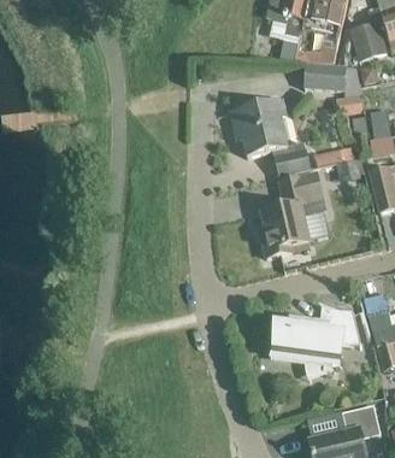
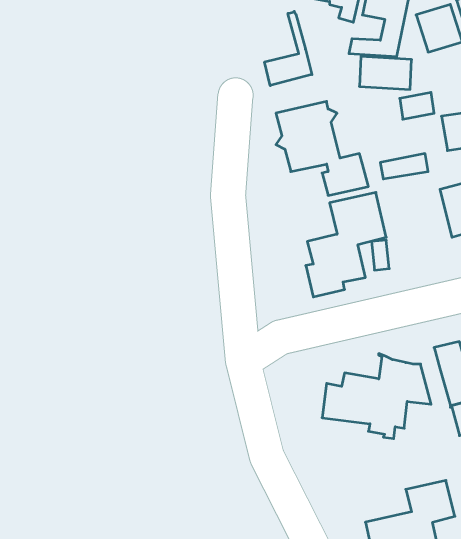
building: none -> [265,11,312,86]

